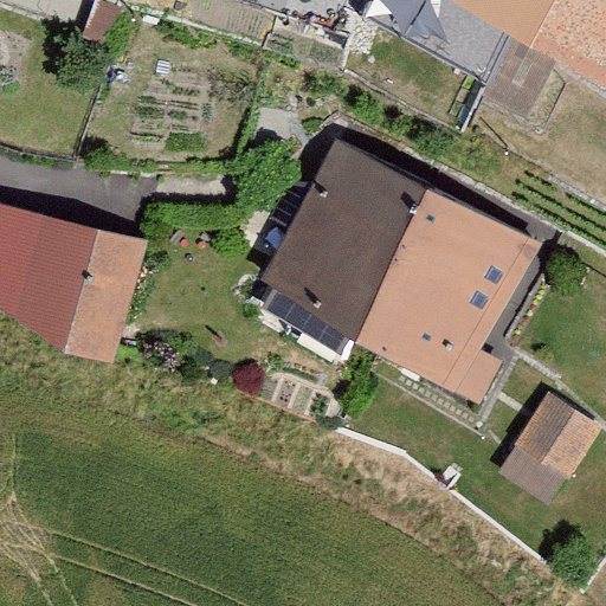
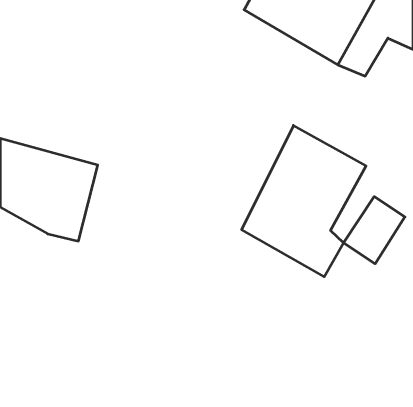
building: [257,135,430,336] -> none
building: [503,402,593,501] -> [343,197,405,264]

